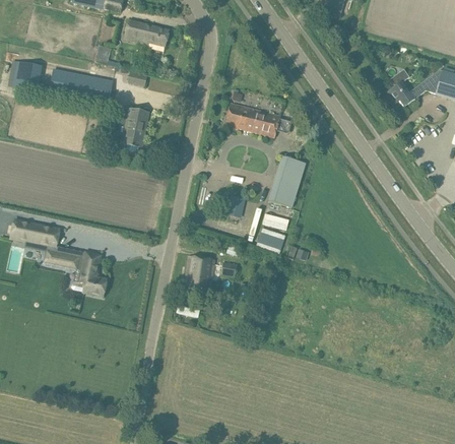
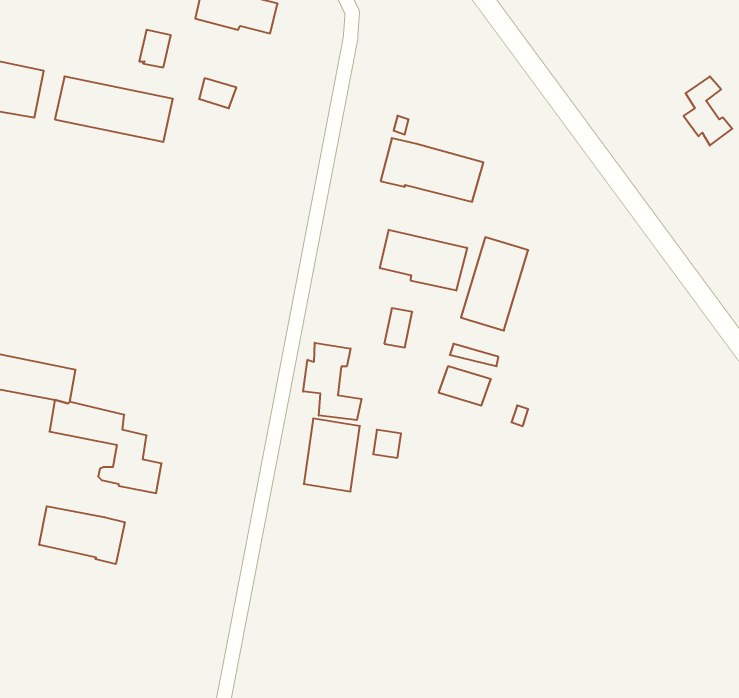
building: [123,108,148,149] -> none
building: none -> [380,230,467,291]
building: none -> [303,343,362,420]
building: none -> [39,506,125,564]

